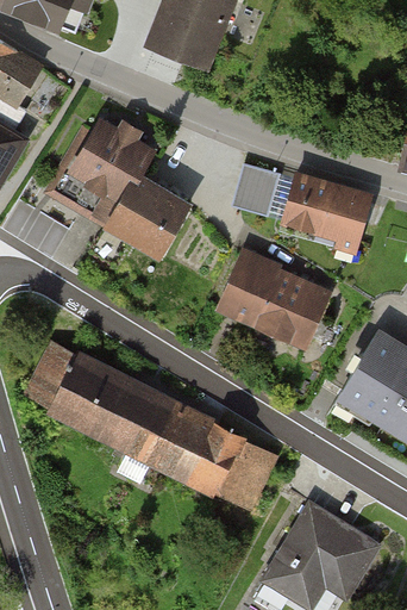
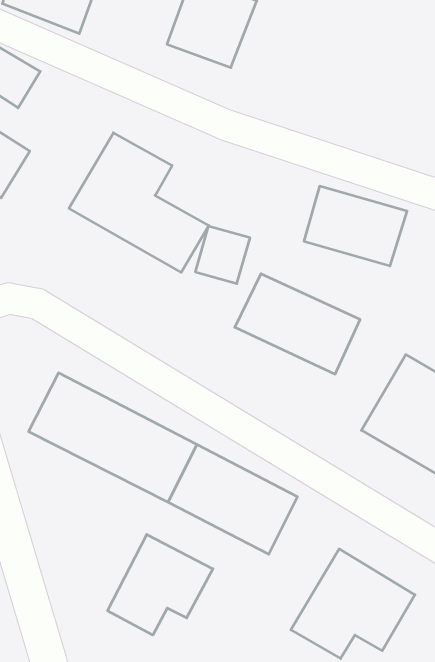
building: [232,160,282,212] -> [195,226,250,284]
building: none -> [108,534,213,635]

